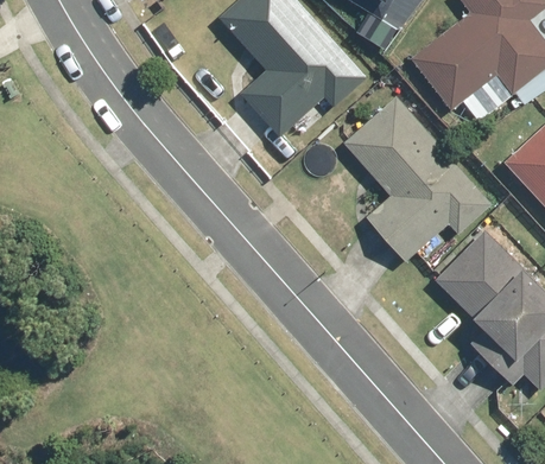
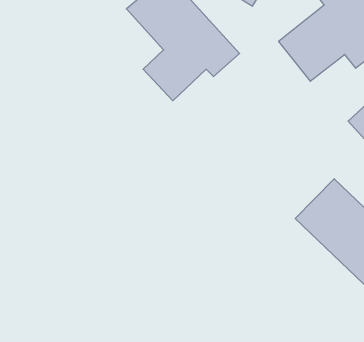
building: [343,98,490,262] -> none

